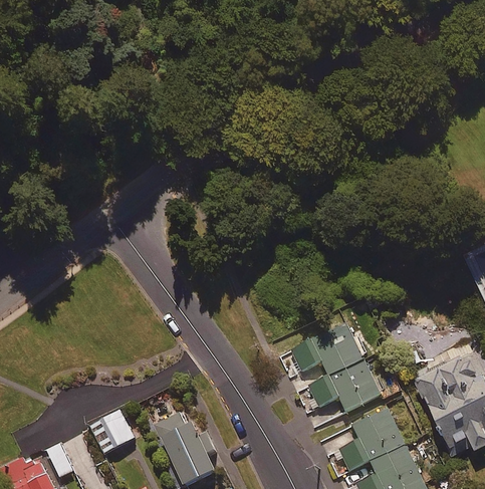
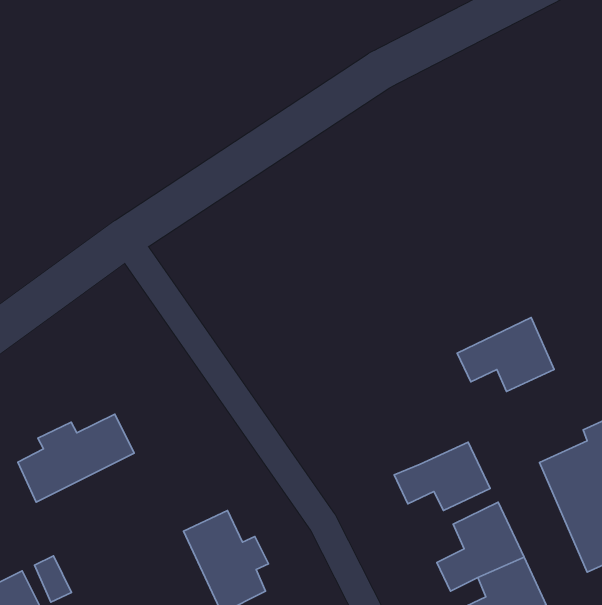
building: [292,322,363,377] -> [457,318,554,391]
building: none -> [18,414,134,502]
building: [91,413,134,453] -> none

